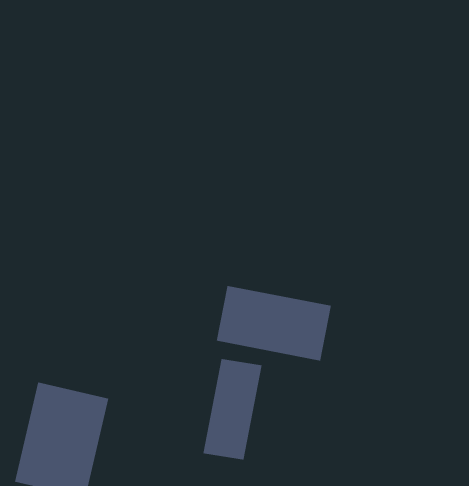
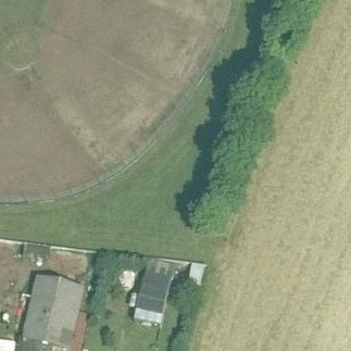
building: [216,285,331,361] -> none

